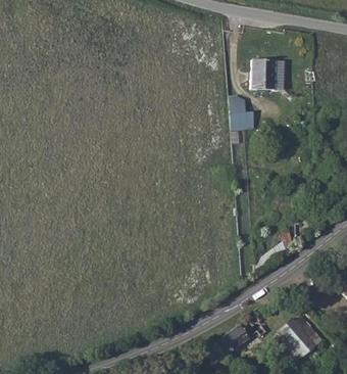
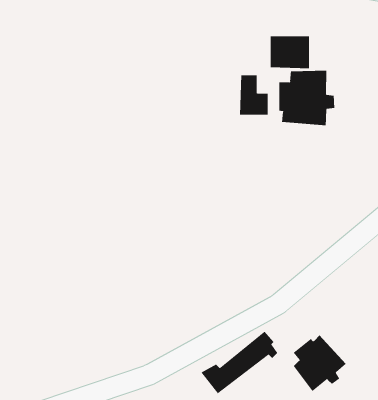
building: none -> [279,70,335,126]

